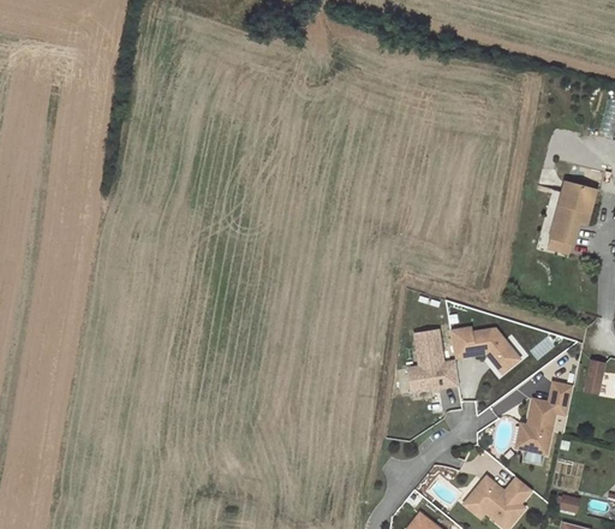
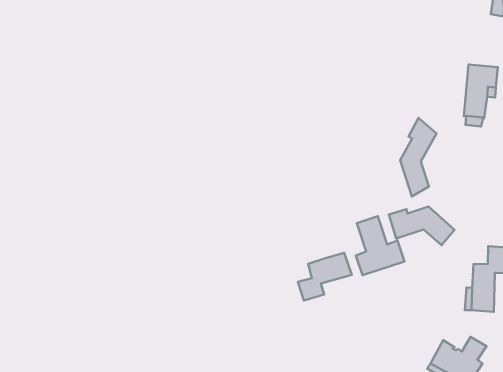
building: none -> [400,118,437,196]
building: none -> [298,253,352,300]

